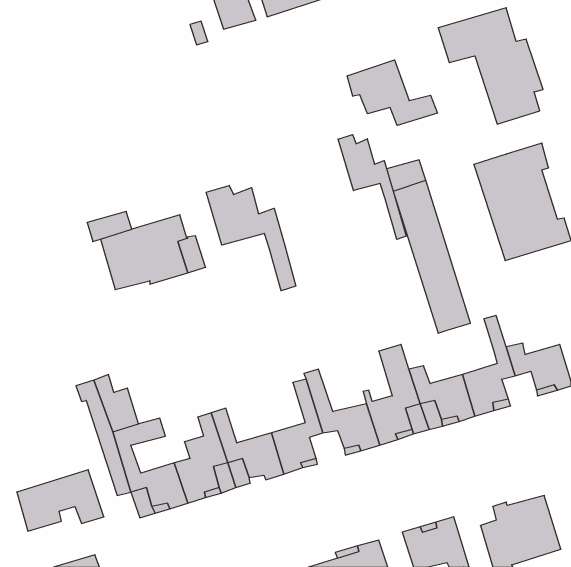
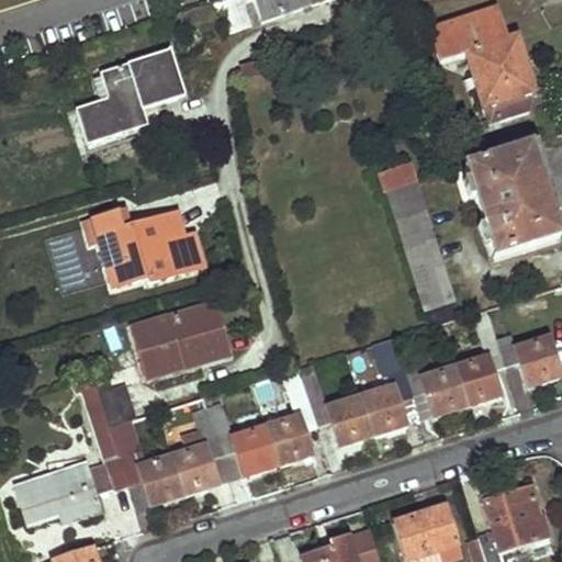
building: none -> [80,46,187,138]
building: [347,60,438,125] -> none
building: [338,135,406,239] -> none
building: [206,185,296,291] -> none
building: none -> [128,297,227,376]

